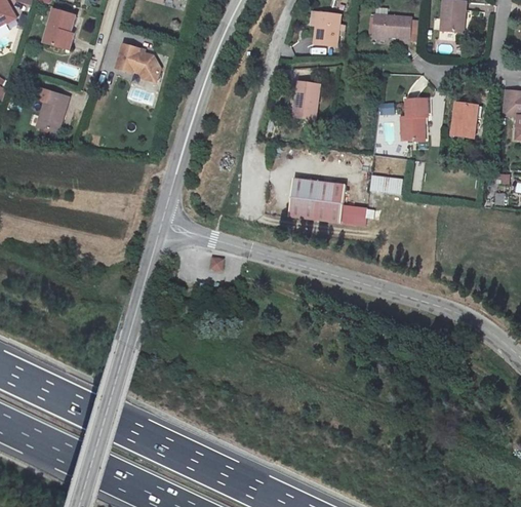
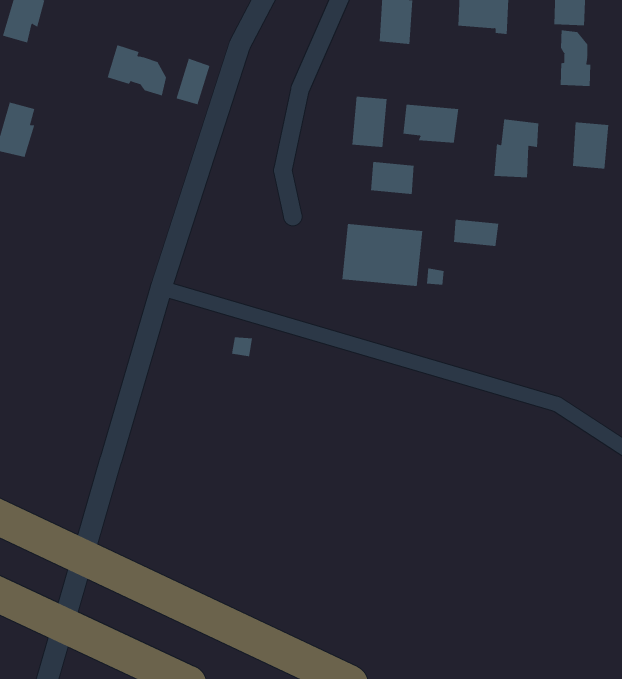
building: none -> [560,30,591,87]
building: none -> [176,58,210,105]
building: none -> [403,104,459,144]
building: none -> [371,161,414,195]

